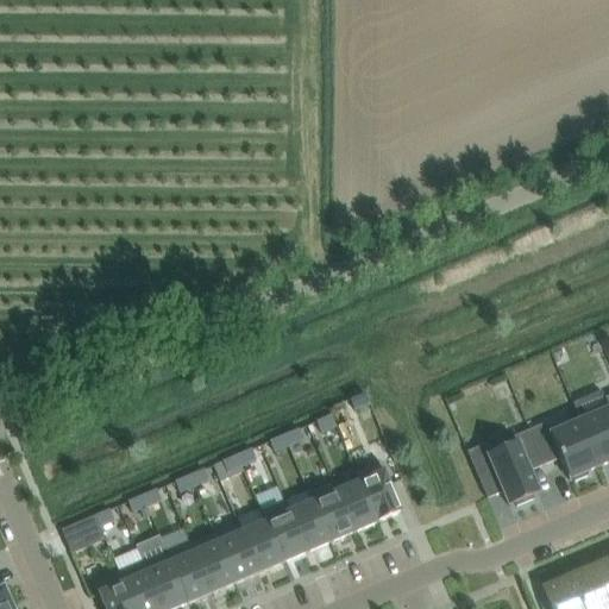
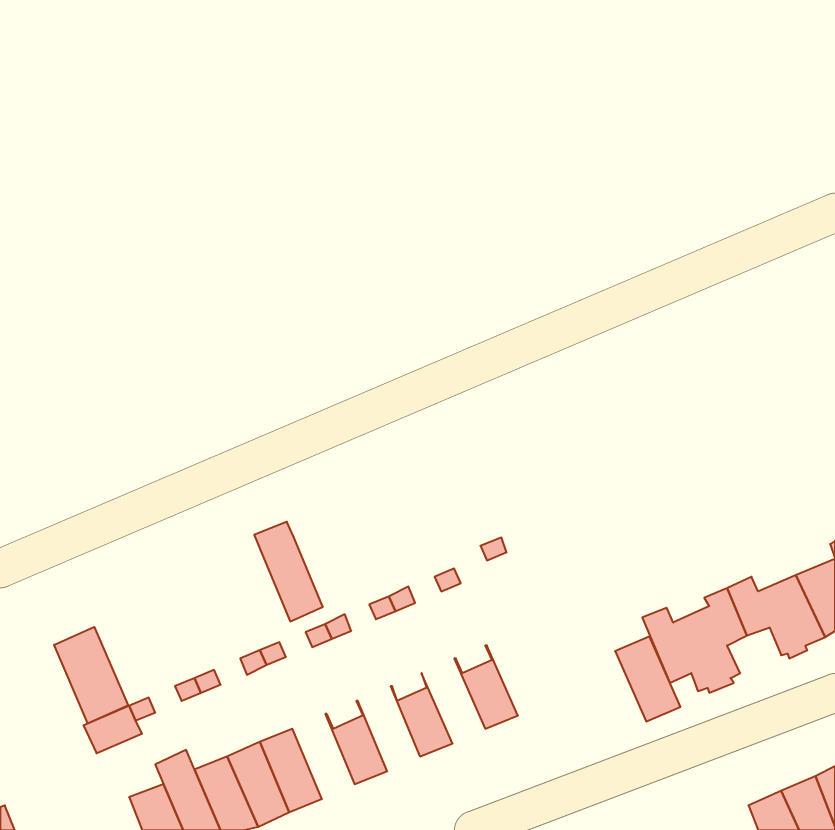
building: none -> [54,627,128,723]
building: [354,459,402,521] -> [615,637,681,722]
building: [307,479,353,541] -> none
building: [256,489,306,561] -> [254,522,323,621]
building: [213,520,258,582] -> none

